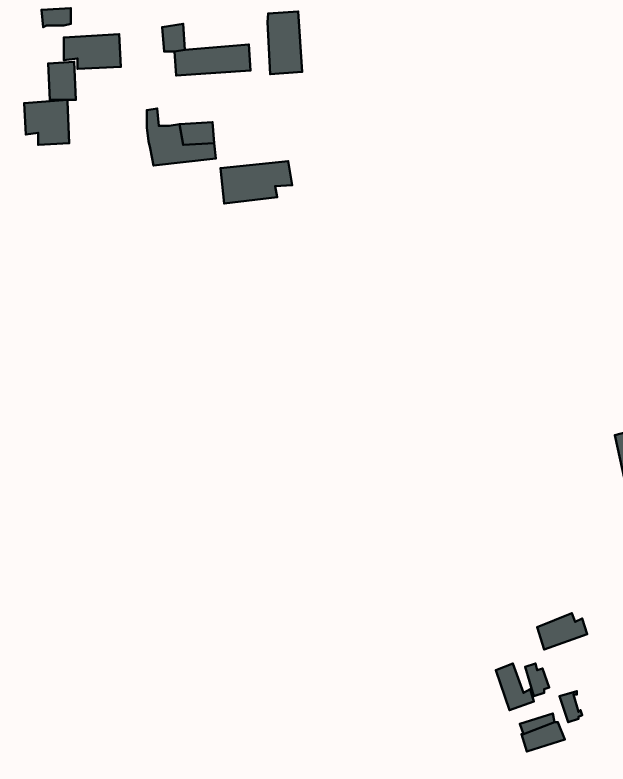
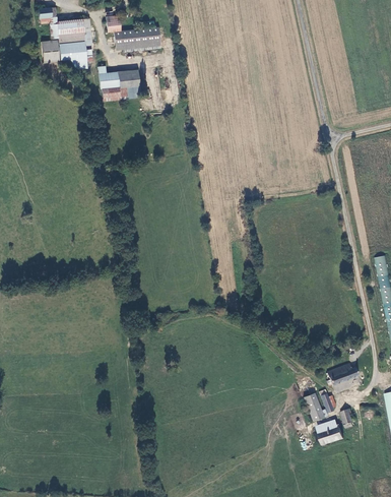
building: [267,12,302,74] -> none
building: [24,100,69,145] -> [58,43,84,69]
building: [220,161,292,204] -> none

